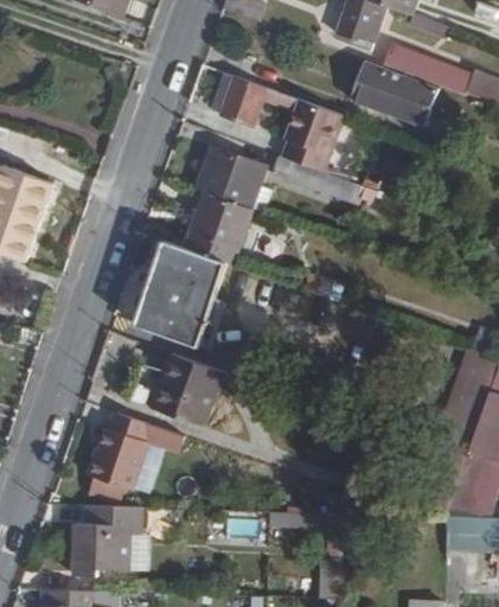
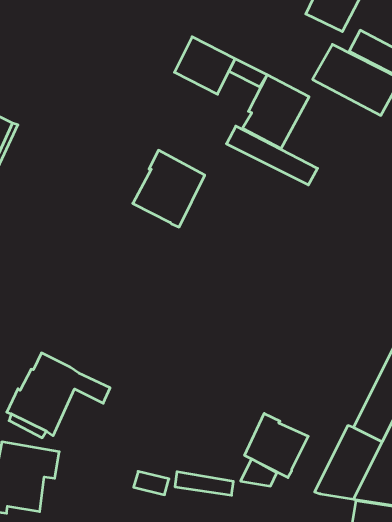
building: [193,145,273,212] -> none
building: [134,239,225,347] -> none
building: [151,352,225,428] -> none
building: none -> [245,413,308,478]

